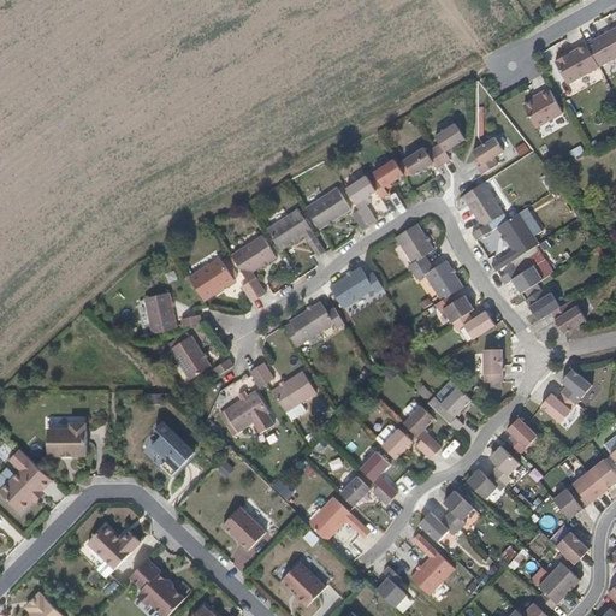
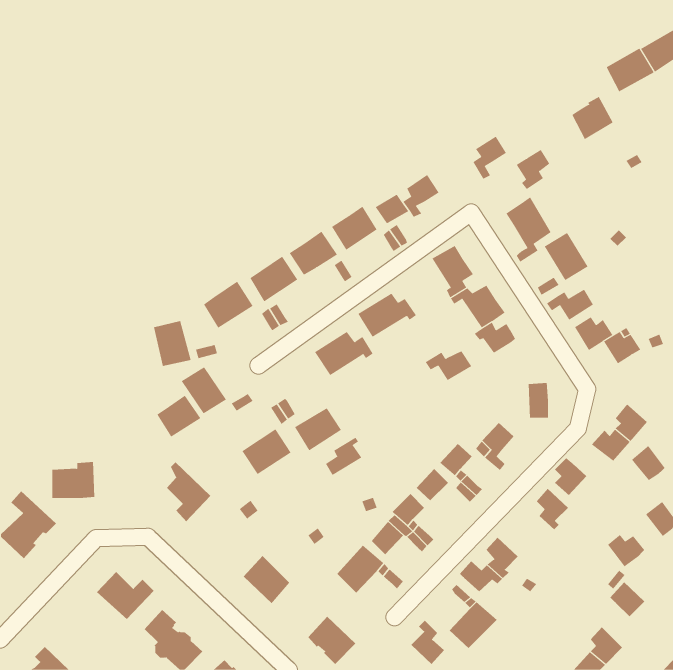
building: [402,148,442,177] -> none
building: [451,312,494,339] -> [425,350,472,381]
building: none -> [157,395,201,438]
building: none -> [325,437,362,476]
building: [468,468,507,498] -> none
building: [574,469,605,502] -> [631,445,666,481]
building: [550,550,580,591] -> none

